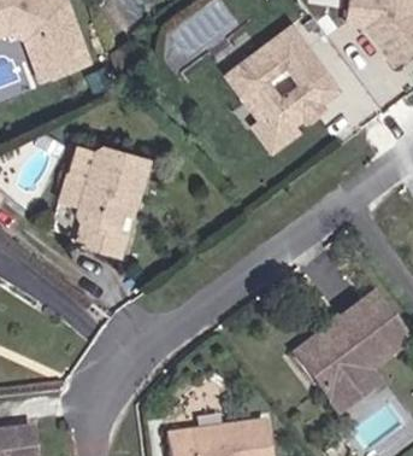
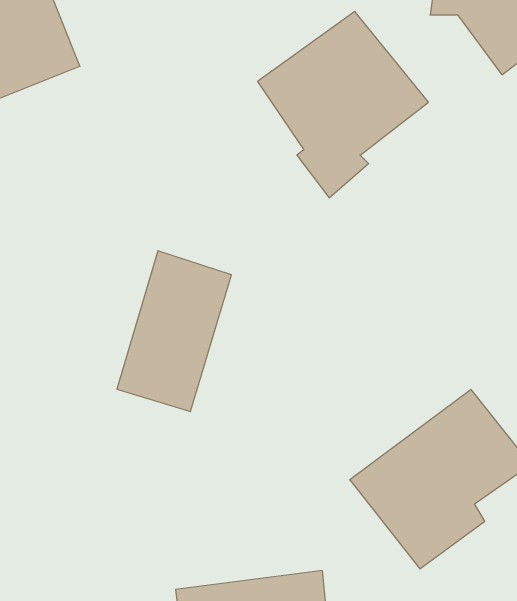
building: [57,140,137,253] -> [117,251,231,412]

